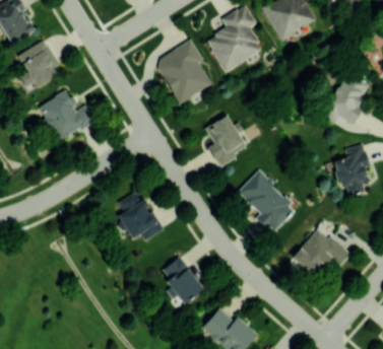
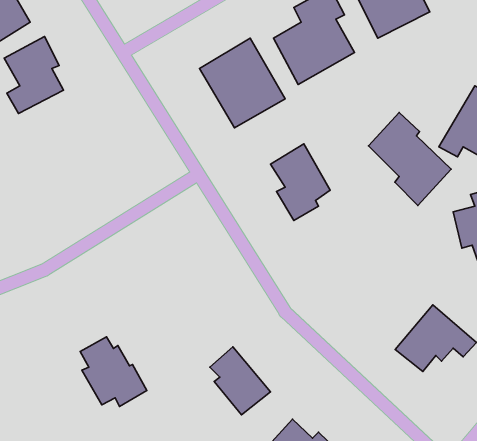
building: [36,90,95,144] -> none
building: [238,169,296,234] -> [369,113,451,205]
building: [117,193,164,241] -> [80,337,147,406]

